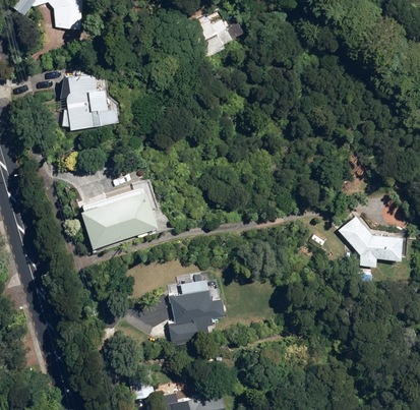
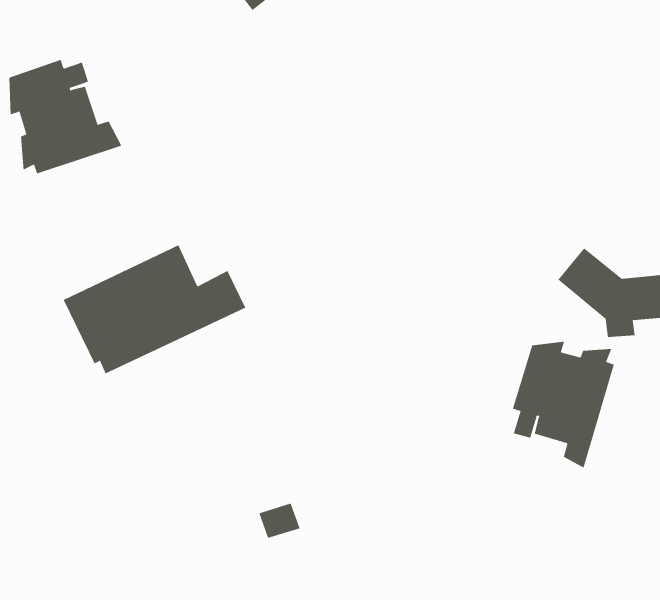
building: none -> [512,341,615,469]
building: [165,292,220,339] -> none

